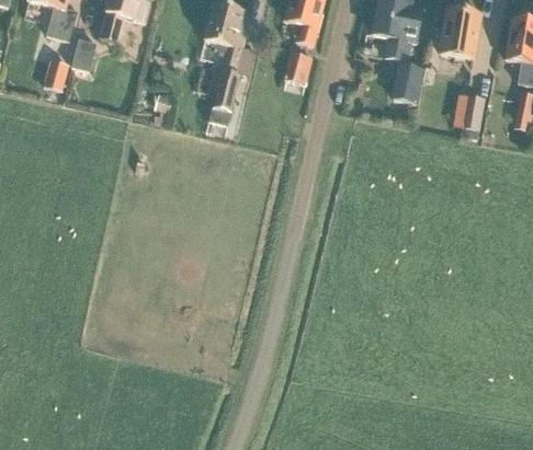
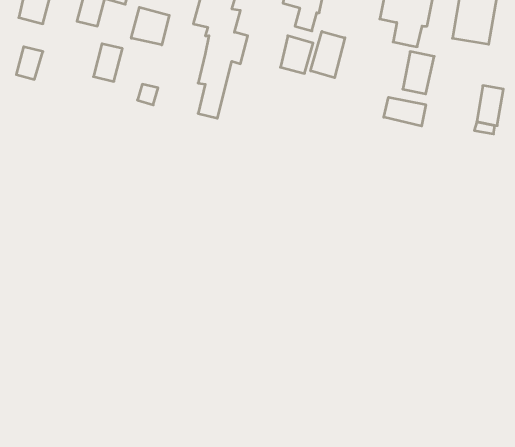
building: none -> [131,7,169,45]
building: [70,37,97,71] -> [93,44,122,81]
building: none -> [311,31,345,78]
building: none -> [384,97,426,126]

